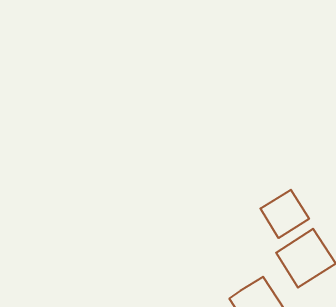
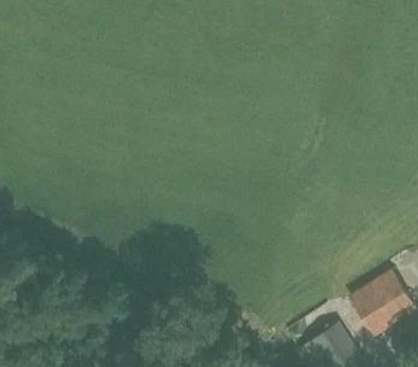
building: [260,190,309,238] -> none

